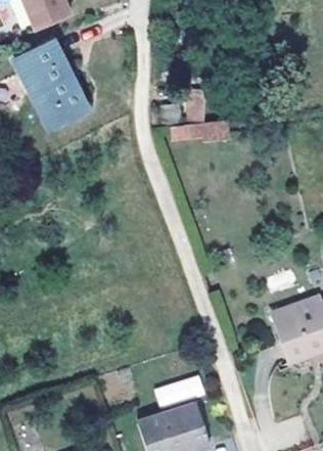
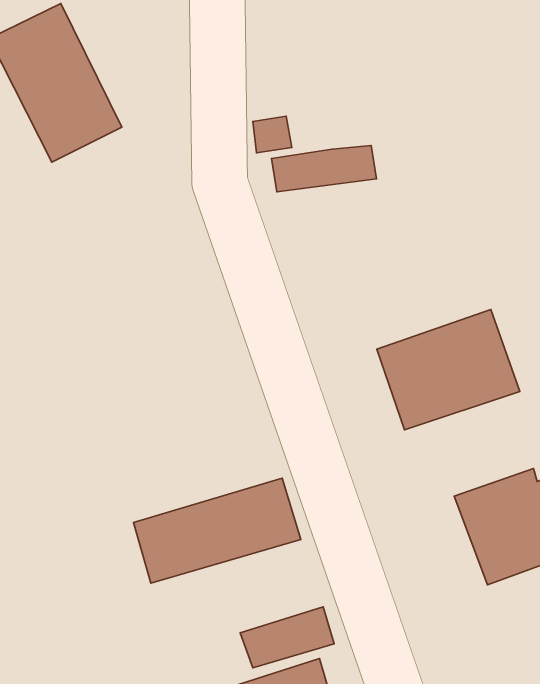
building: none -> [377,309,520,430]
building: none -> [133,478,301,583]

